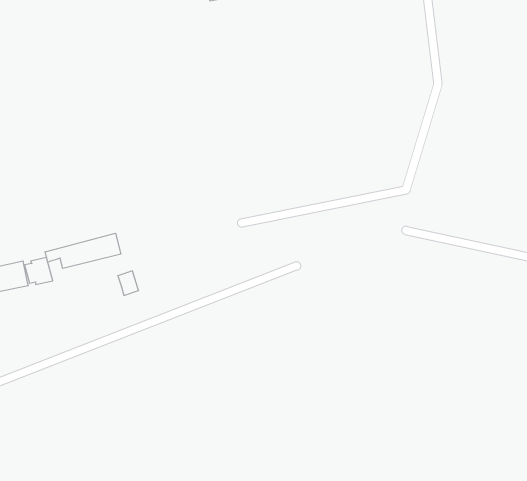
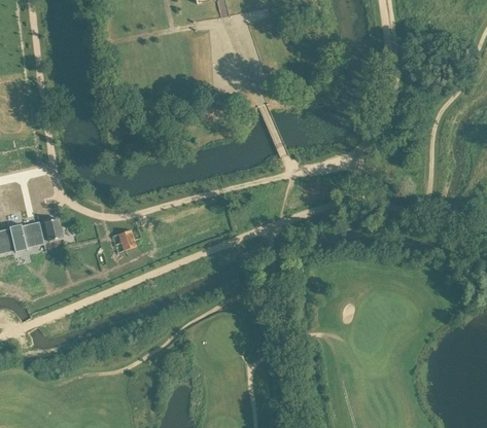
building: [45,233,121,268] -> none

